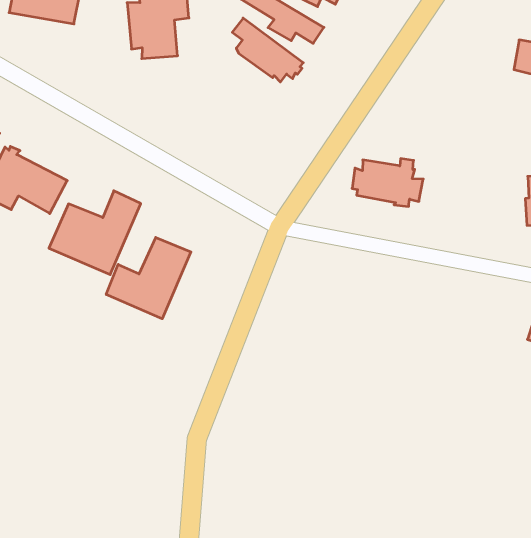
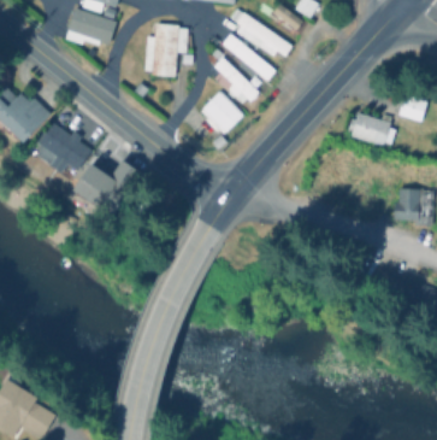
building: none -> [200,90,242,133]
building: [352,159,423,206] -> [347,112,395,147]
building: [106,237,191,319] -> none

